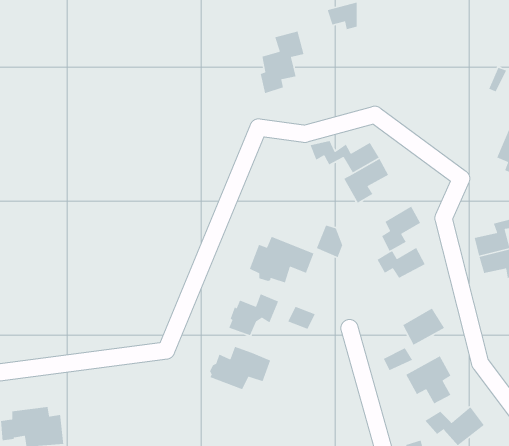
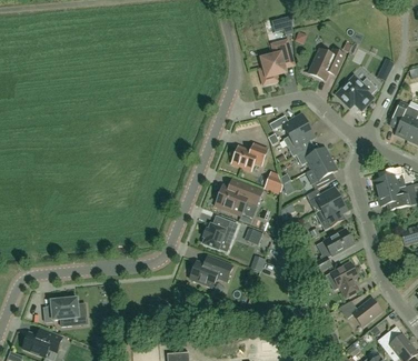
building: [260,31,304,94] -> [260,40,291,84]
building: none -> [308,49,346,80]
building: none -> [338,78,377,109]
building: none -> [232,143,267,170]
building: none -> [296,143,330,169]
building: none -> [315,199,347,230]

